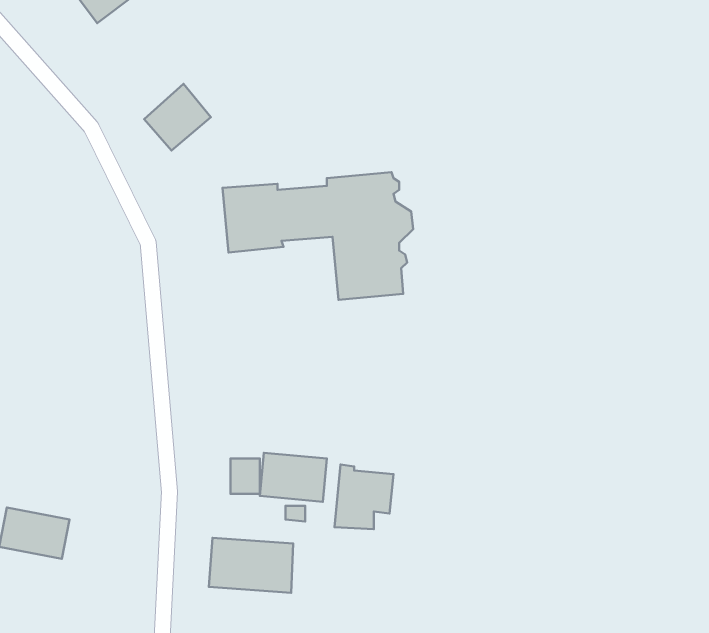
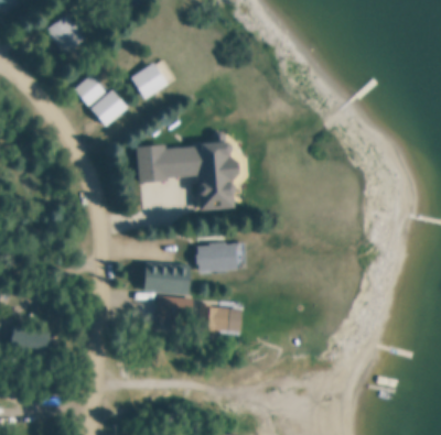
building: none -> [132,61,170,98]
building: none -> [75,75,106,106]
building: none -> [197,241,247,271]
building: [209,538,293,593] -> [144,262,192,293]

